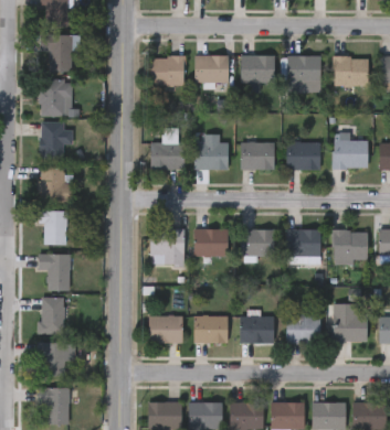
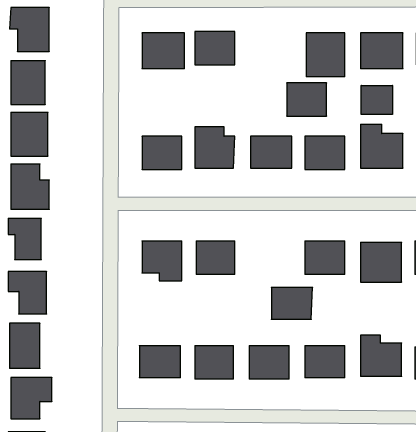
building: [241,56,274,84] -> [287,83,327,116]
building: none -> [361,85,392,114]
building: [240,229,274,256] -> [271,287,313,319]

